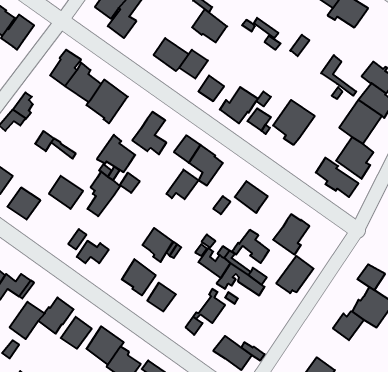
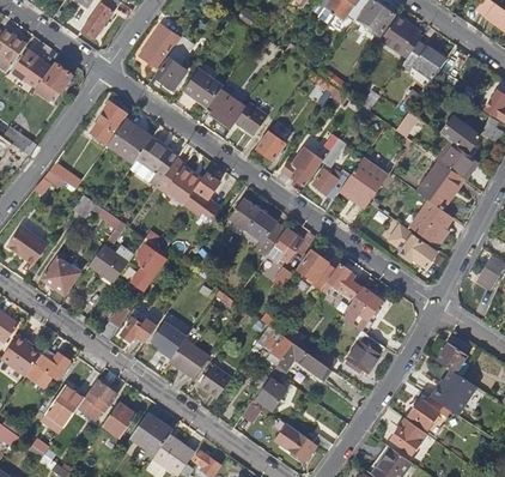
building: [192,9,227,42] -> [182,67,221,104]
building: [97,135,135,172] -> [156,157,199,199]
building: [166,169,198,199] -> [266,227,302,260]
building: [142,228,173,262] -> [151,320,185,358]
building: [232,230,269,263] -> [318,264,360,301]
building: none -> [389,417,425,453]

